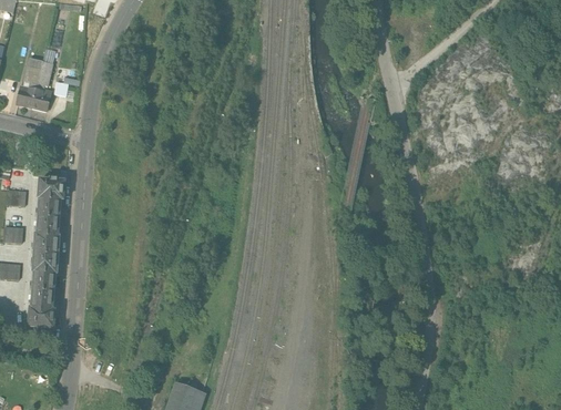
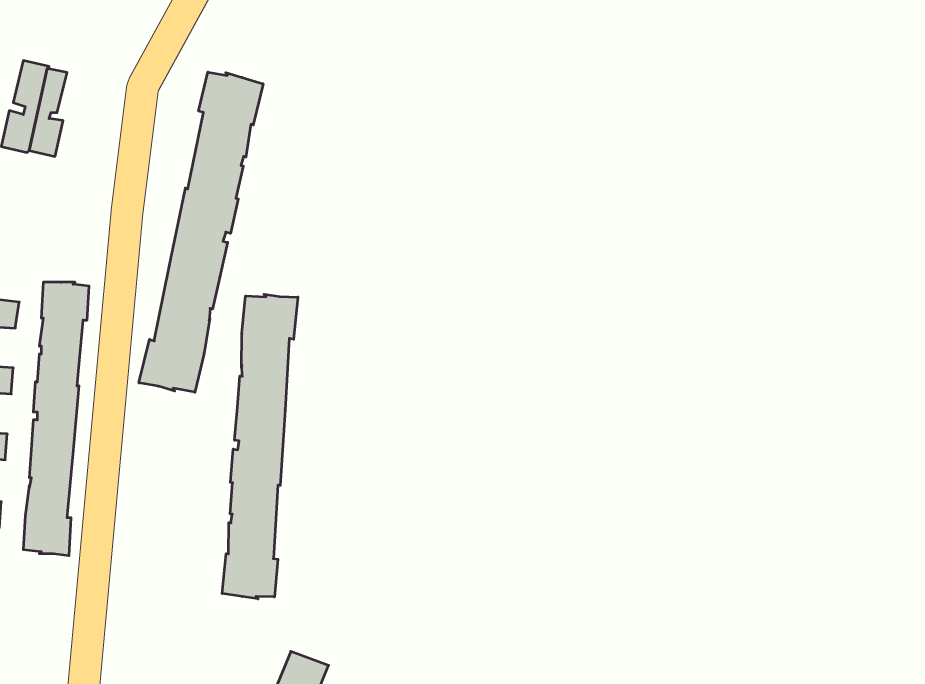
building: none -> [139,72,263,392]
building: none -> [222,294,298,599]

